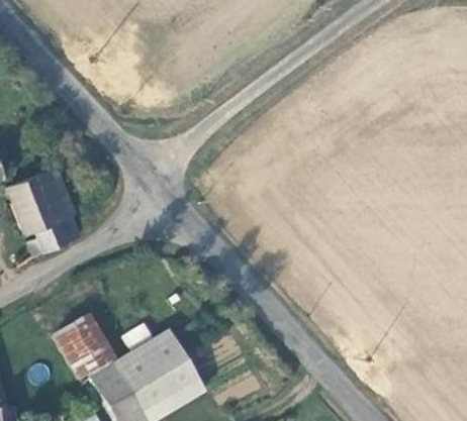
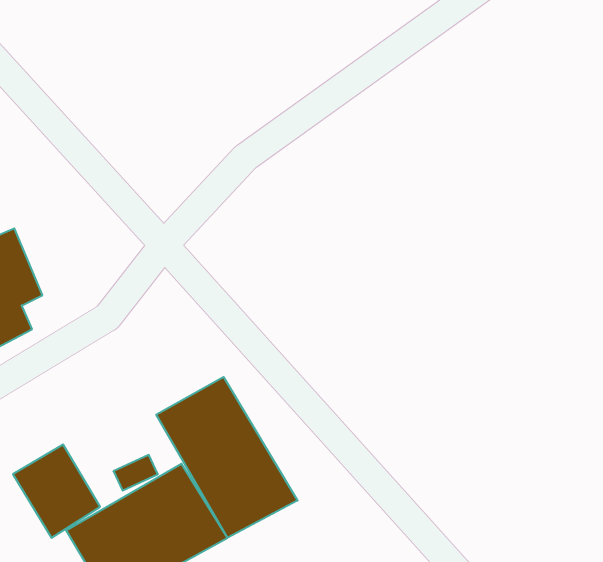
building: none -> [156,377,298,538]

